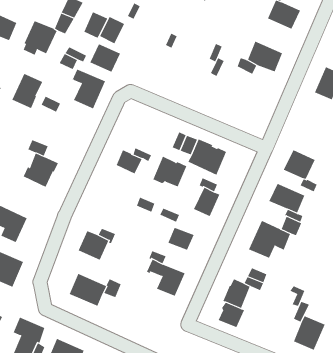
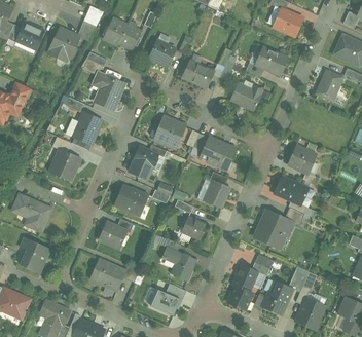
building: [89,43,121,73] -> [148,39,177,66]
building: none -> [182,60,214,87]
building: [11,73,44,109] -> [72,112,102,145]
building: none -> [230,82,263,110]
building: [153,156,187,187] -> [153,116,185,145]
building: none -> [114,186,148,213]
building: none -> [263,283,293,315]
building: none -> [149,289,181,314]

